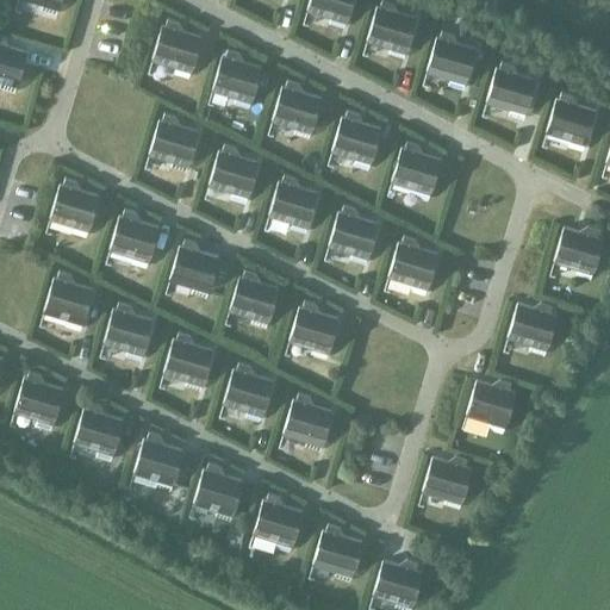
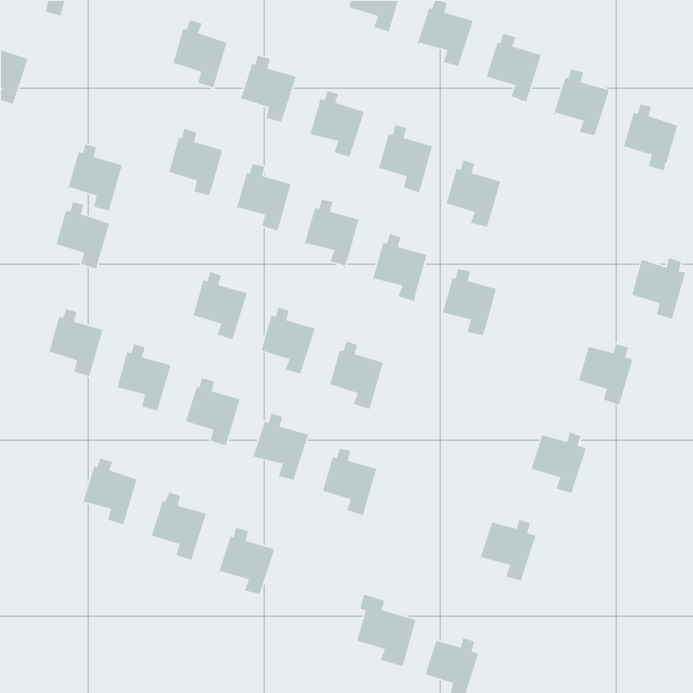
building: [110,210,158,269] -> [67,143,123,211]
building: [14,372,63,431] -> none
building: [254,494,303,554] -> none

